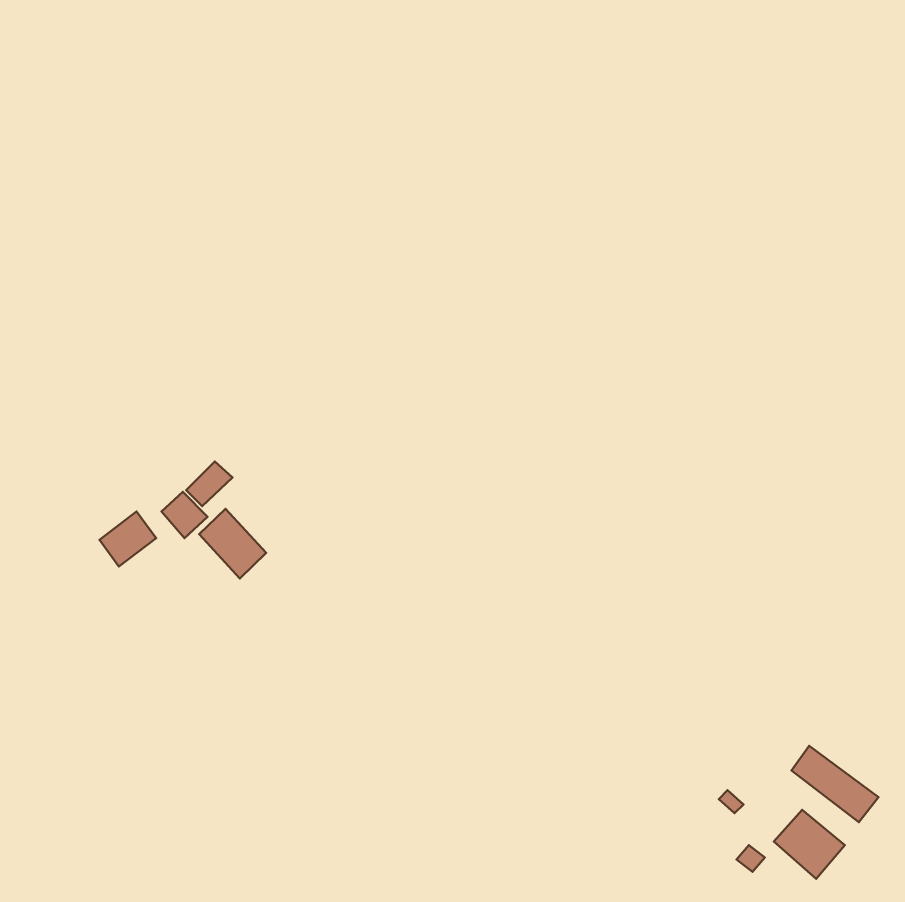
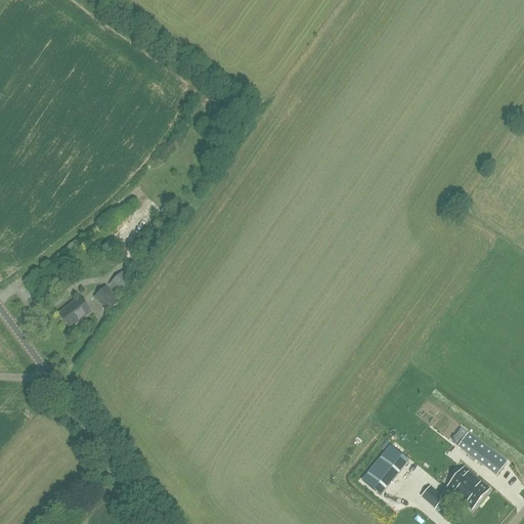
building: [199,509,266,578] -> none
building: none -> [361,444,407,493]

